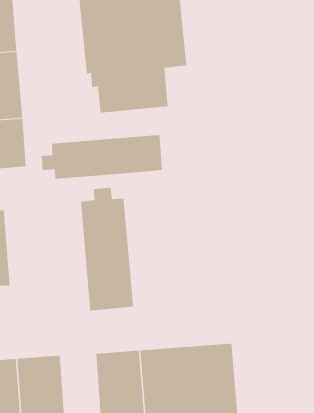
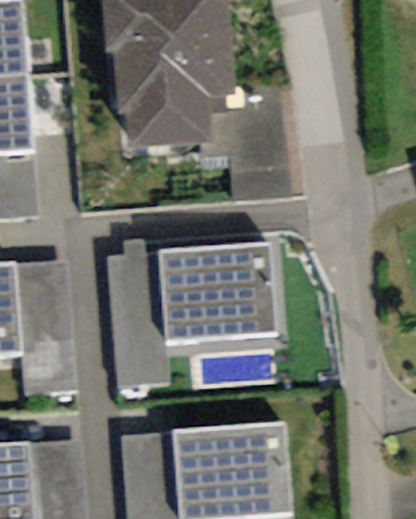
building: [41,134,163,180] -> none
building: none -> [155,242,274,343]
building: none -> [12,261,75,394]

